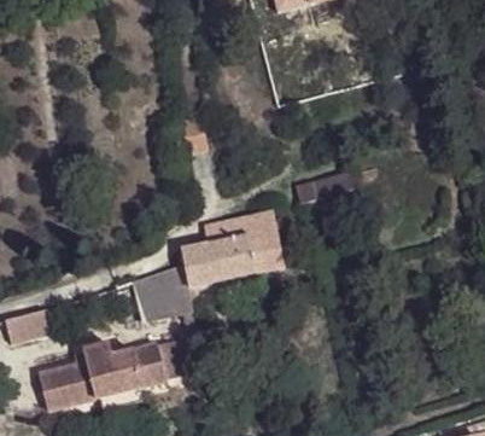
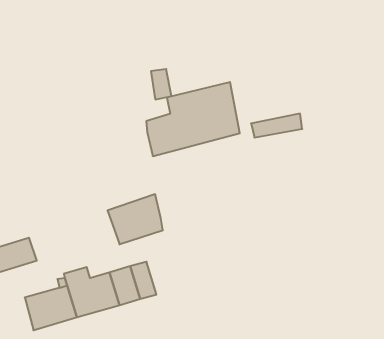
building: [183,205,287,287] -> [146,82,240,156]

